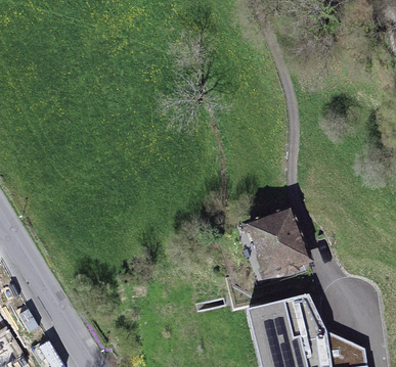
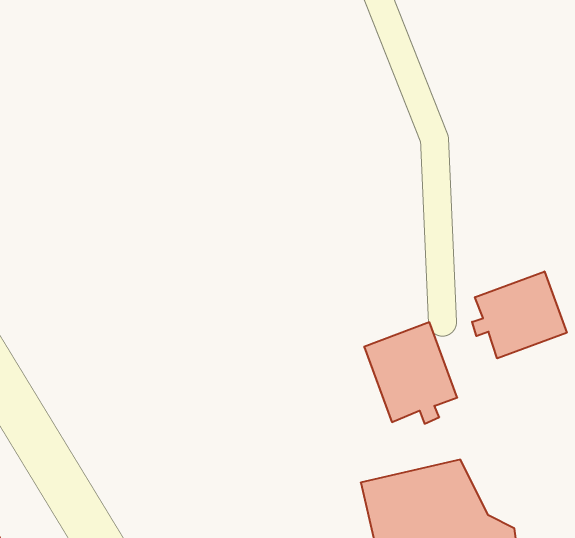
building: none -> [472,271,567,358]

